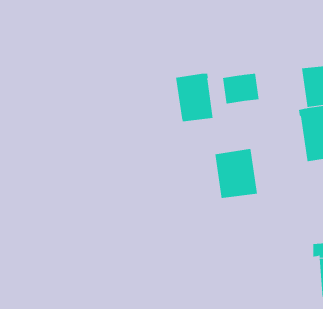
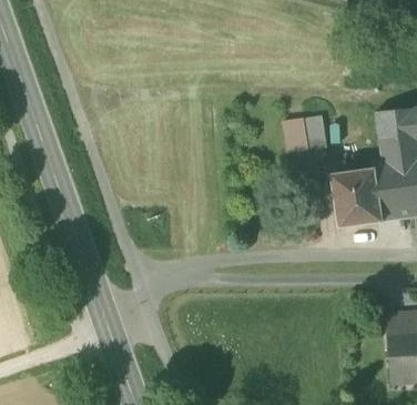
building: [176,73,213,122] -> none
building: [214,148,258,199] -> [330,169,382,227]

